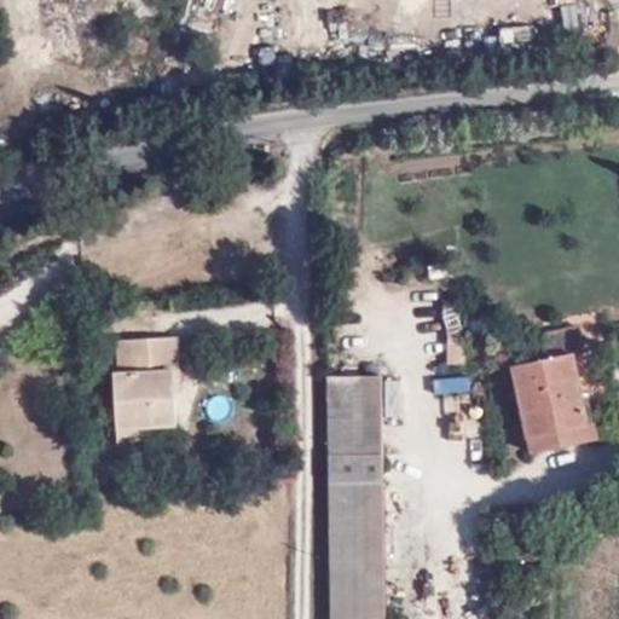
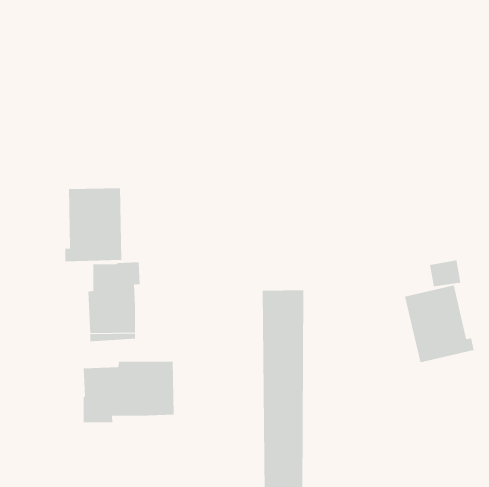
building: none -> [65,187,122,262]
building: none -> [83,361,174,423]

